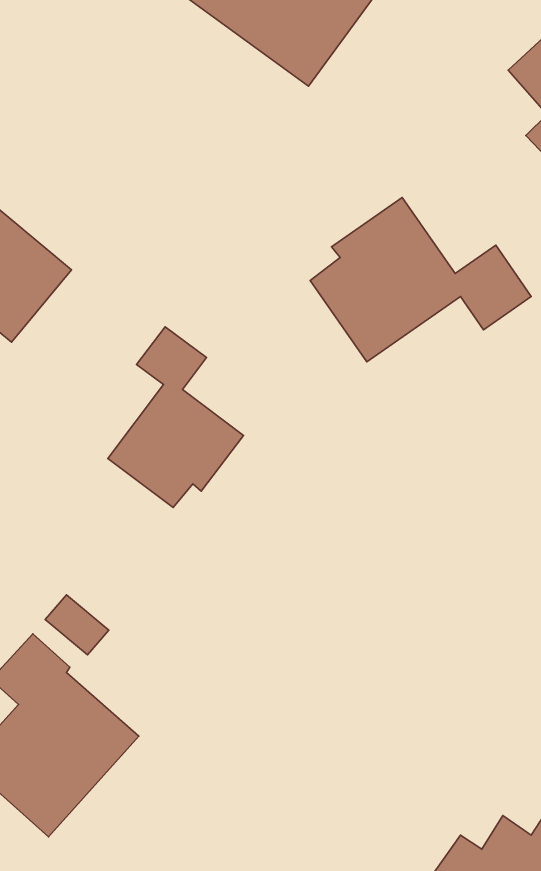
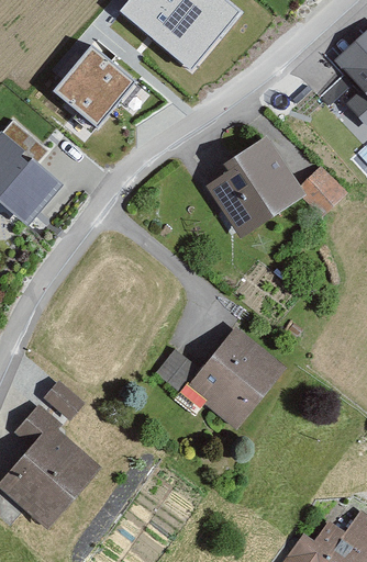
building: none -> [52,43,132,122]
building: [108,327,243,507] -> none
building: none -> [154,324,288,430]

